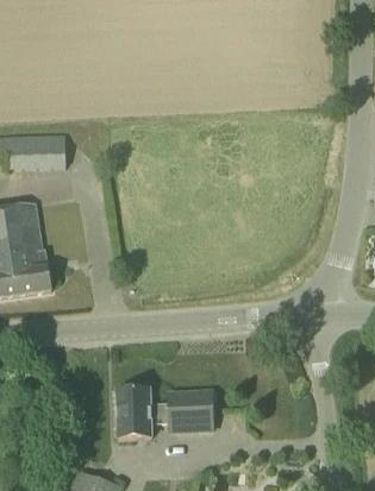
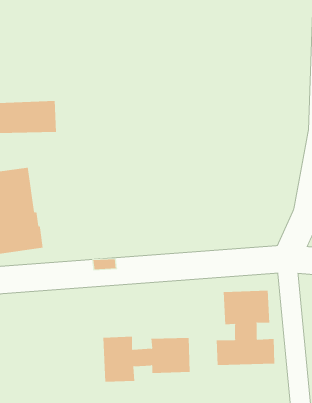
building: none -> [216,290,275,366]

